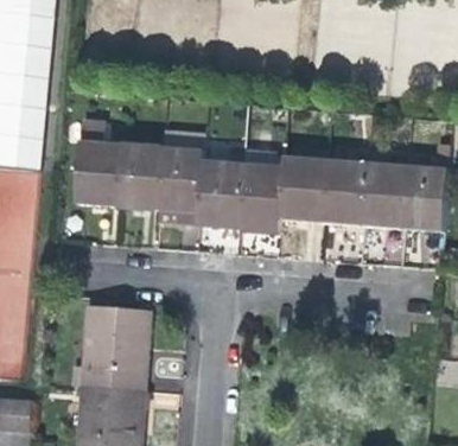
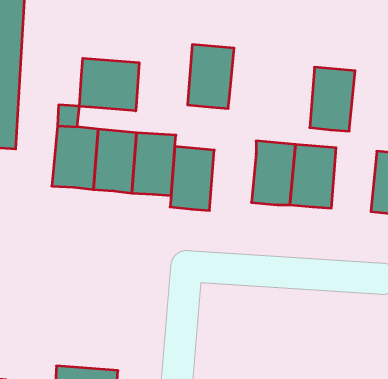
building: none -> [80,58,139,111]
building: [363,163,409,228] -> [310,67,355,131]
building: [238,165,286,230] -> [188,45,234,108]
building: [82,304,152,390] -> none

